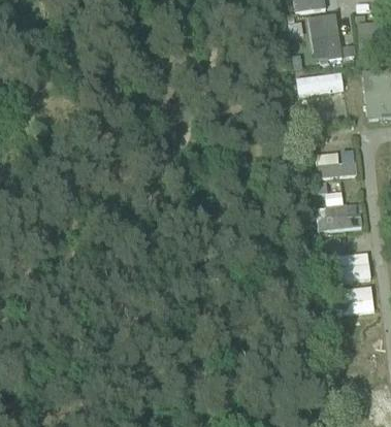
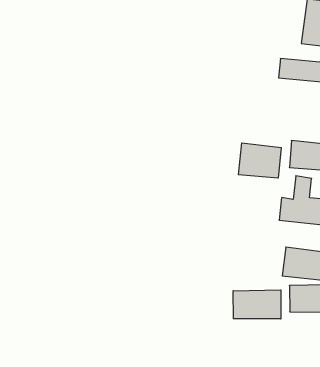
building: none -> [238,143,281,178]
building: none -> [233,290,281,319]

